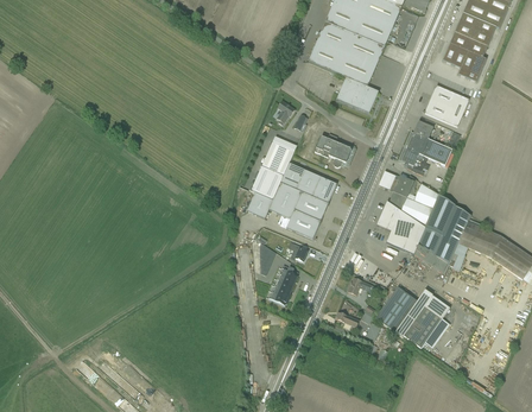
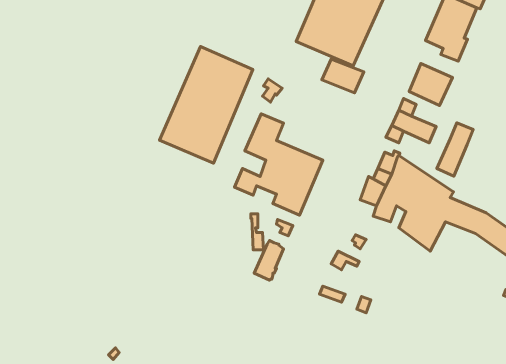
building: none -> [160,46,253,163]
building: [314,132,355,165] -> none
building: none -> [437,123,473,176]
building: [375,285,439,347] -> none

